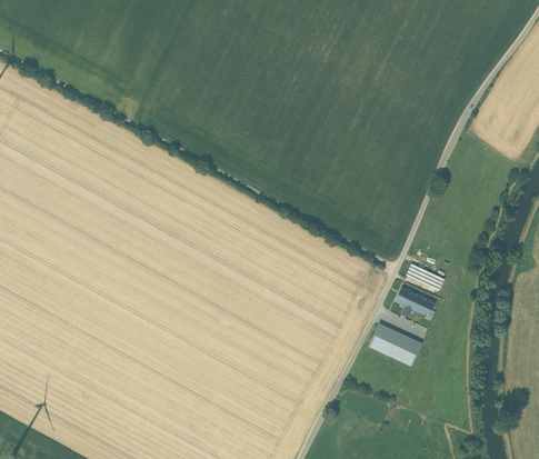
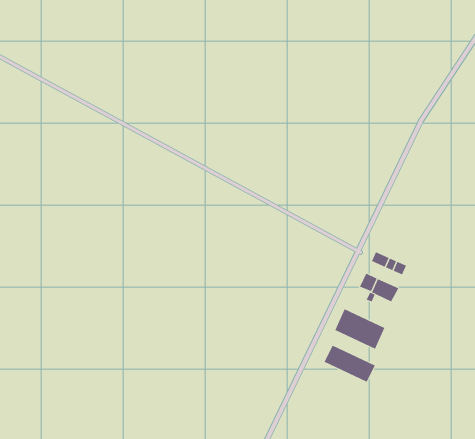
building: none -> [324,345,375,382]

